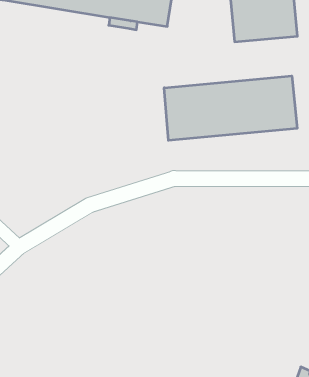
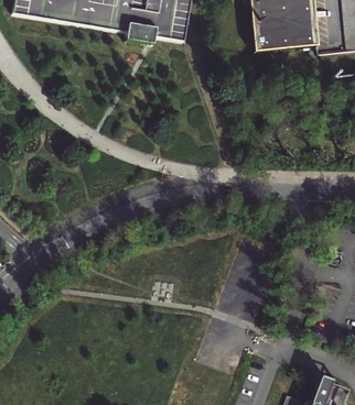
building: [164,76,297,140] -> none

